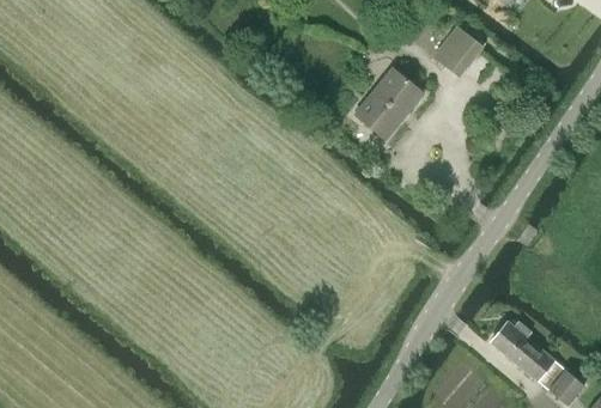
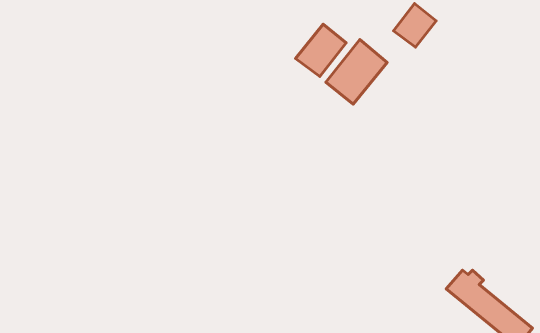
building: none -> [296,24,346,77]

